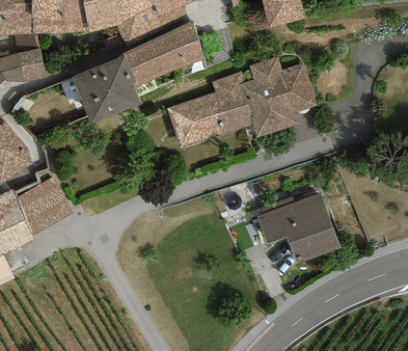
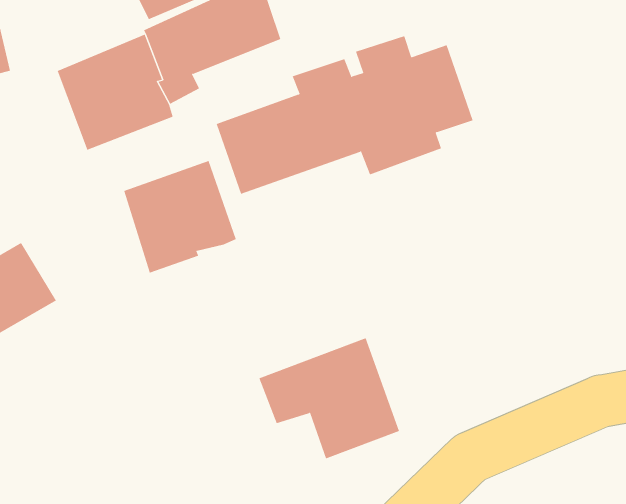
building: none -> [123,160,237,274]
building: [255,192,338,264] -> [258,337,400,459]

